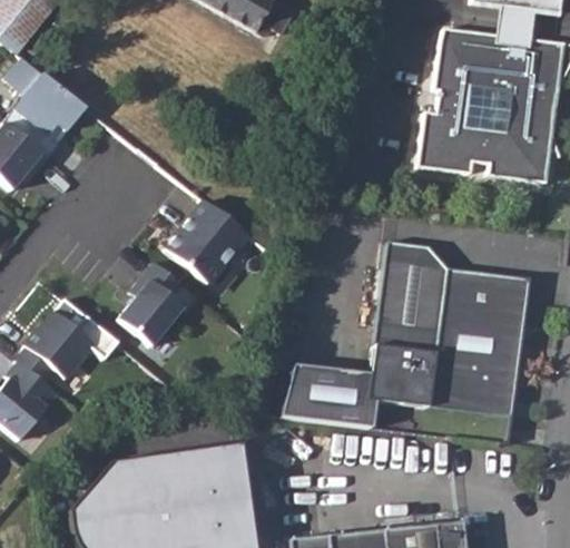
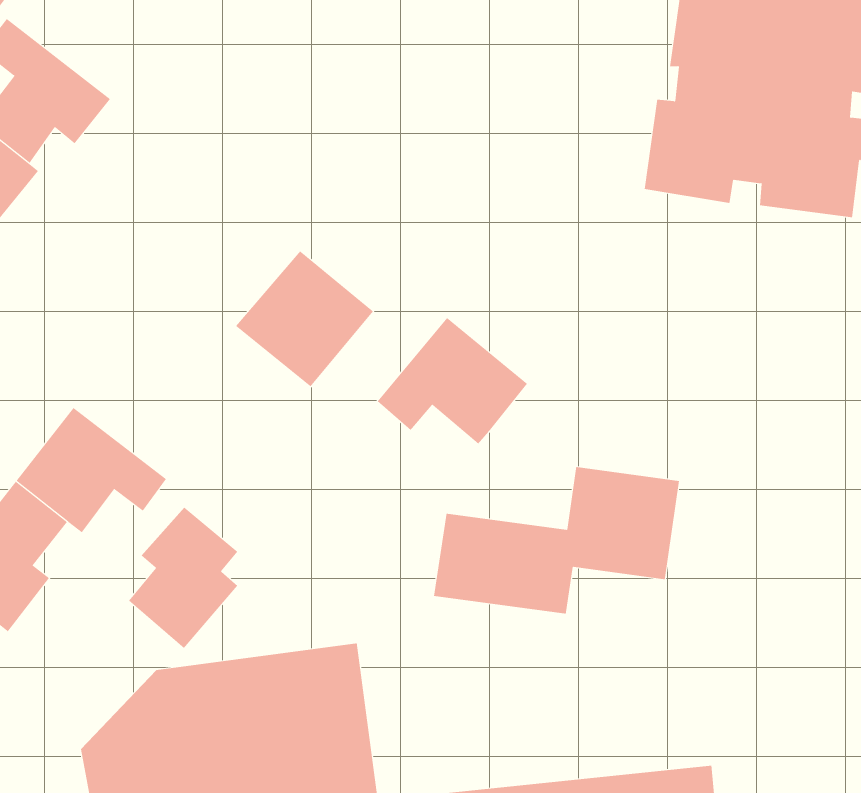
building: [374,237,531,417] -> none
building: none -> [377,317,528,444]
building: [118,261,186,349] -> [128,507,238,649]

